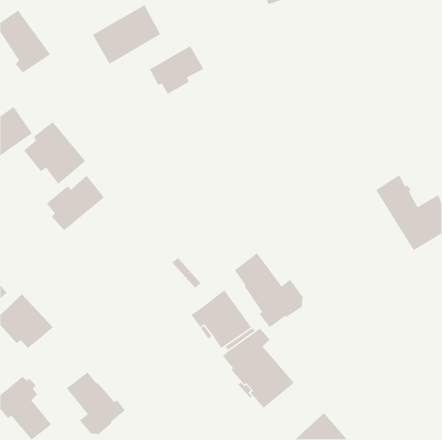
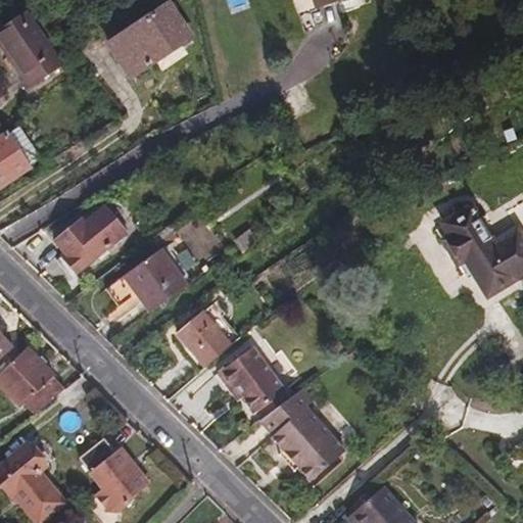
building: [149,45,205,95] -> none
building: [23,121,86,185] -> none
building: none -> [112,249,185,312]
building: [234,252,303,328] -> none
building: none -> [176,311,232,368]

